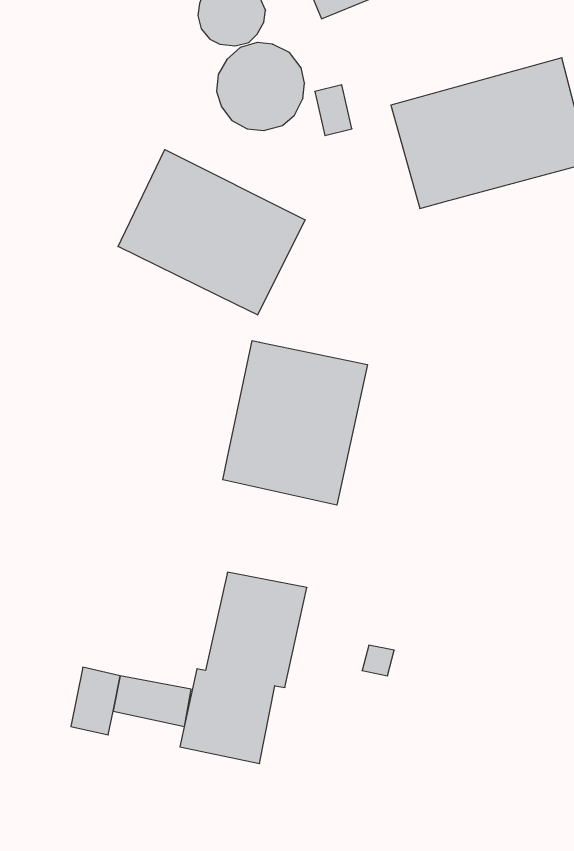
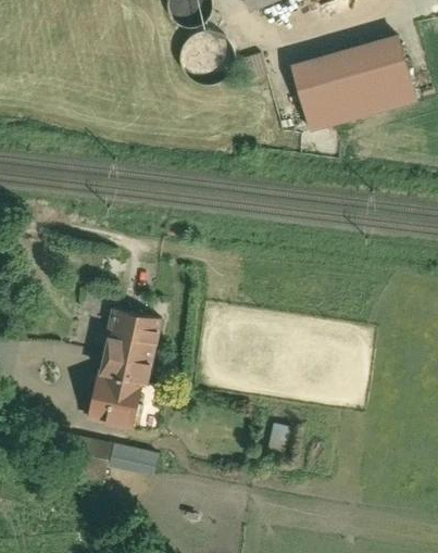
building: [118,150,305,315] -> none
building: [223,341,368,505] -> none
building: [180,572,307,764] -> [82,300,163,423]

